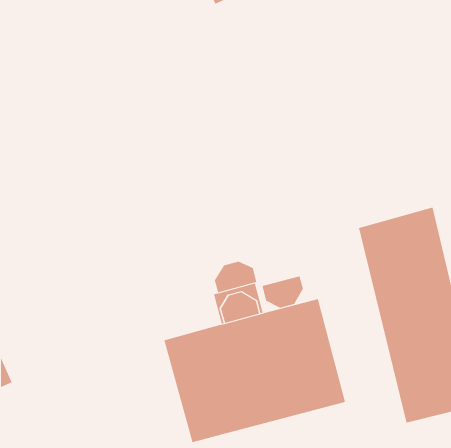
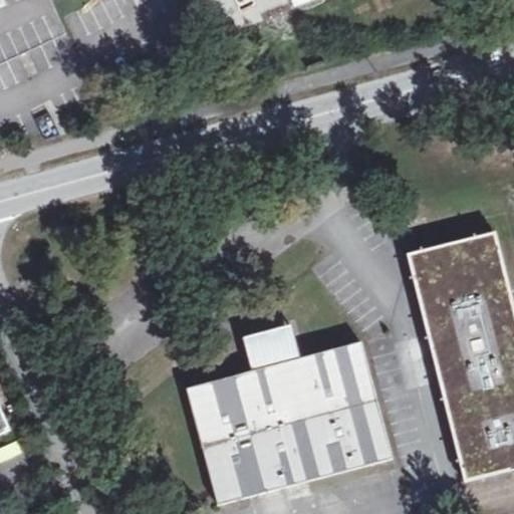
building: [214,261,257,293] -> none
building: [262,275,304,309] -> none

